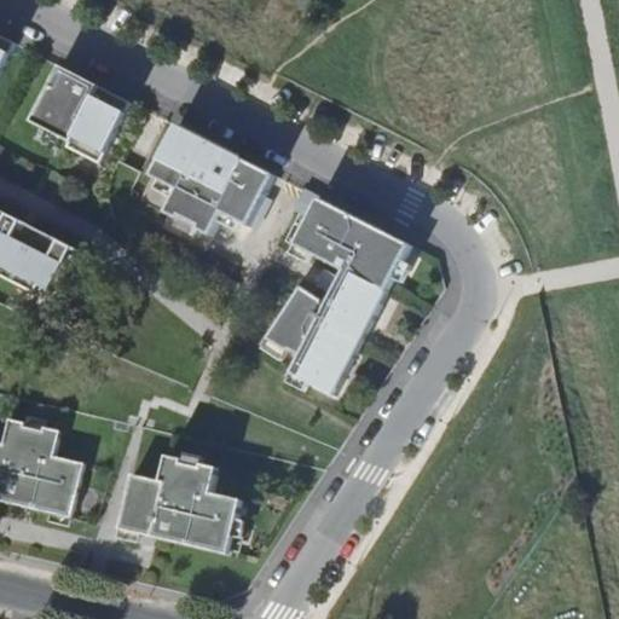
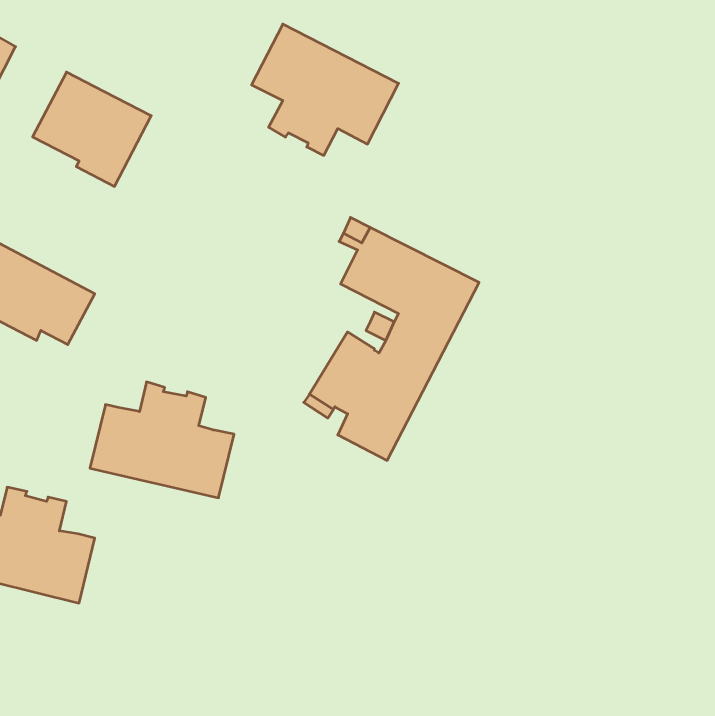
building: [147,122,273,235] -> [252,24,399,155]
building: [116,453,239,553] -> [90,382,234,498]

